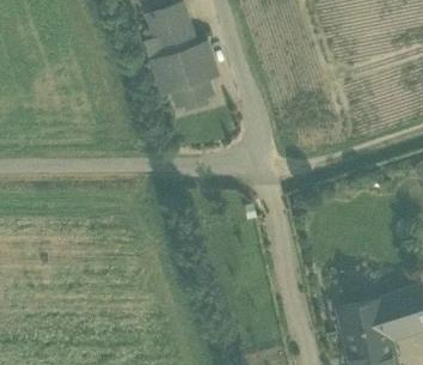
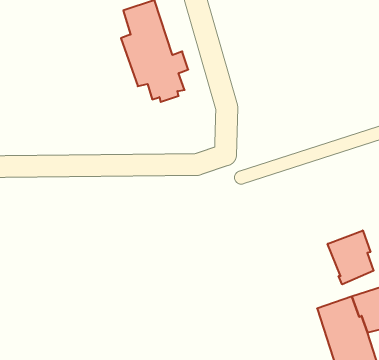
building: none -> [328,230,374,284]

